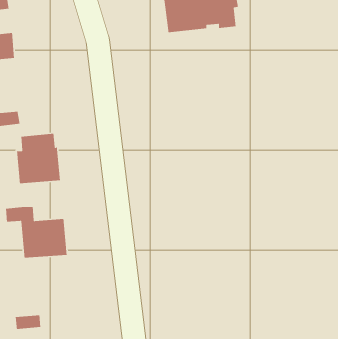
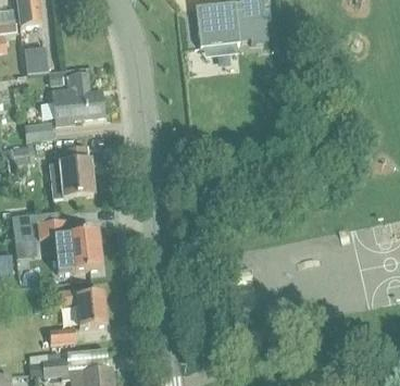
building: none -> [52,73,104,124]
building: none -> [58,289,105,326]

